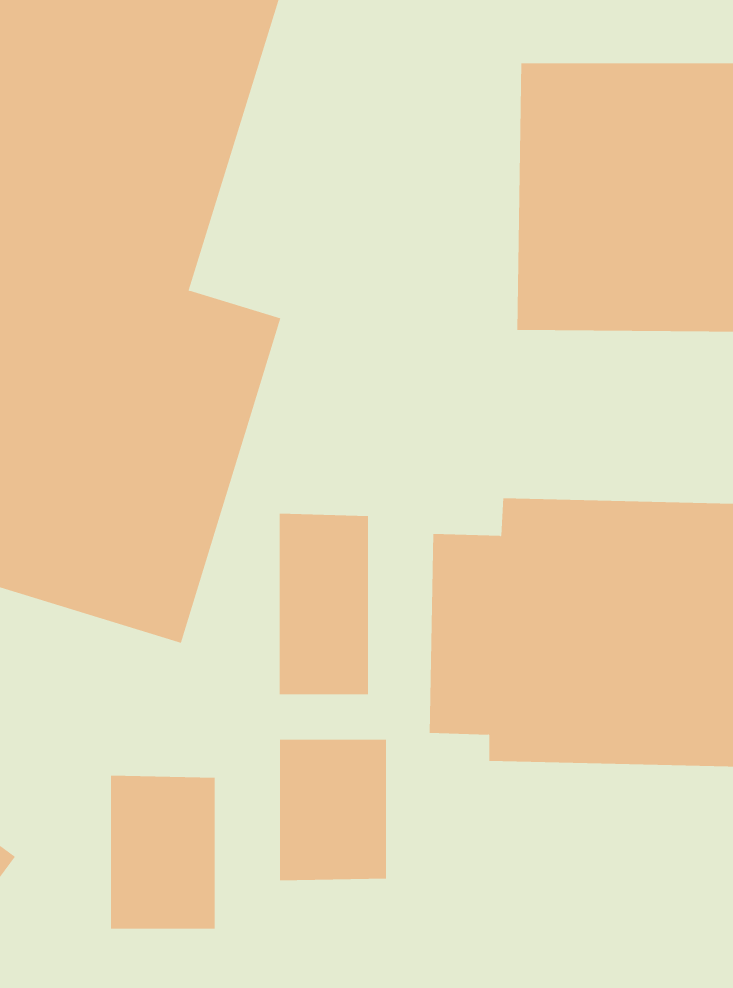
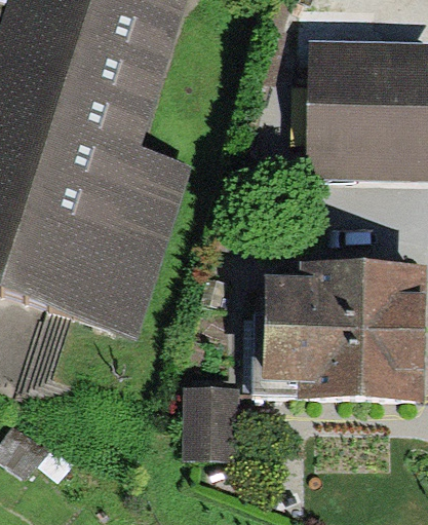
building: [279,513,369,695] -> none
building: [110,775,215,930] -> none

